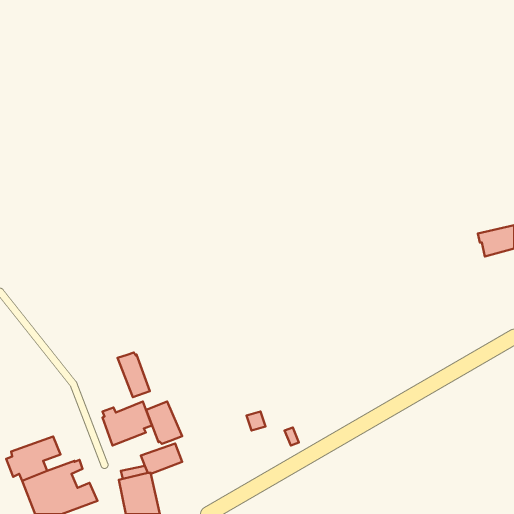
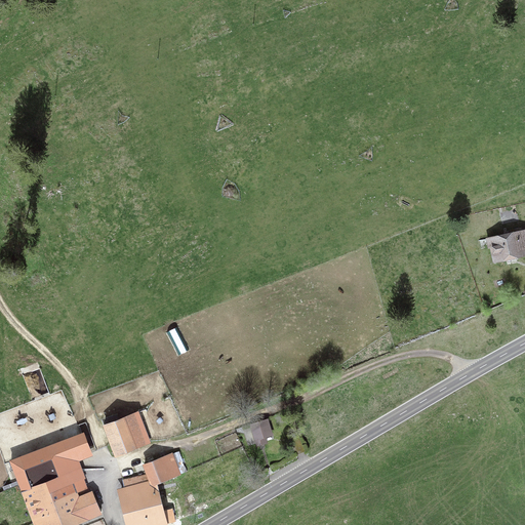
building: [118,353,150,397] -> none
building: [146,402,182,444] -> none
building: none -> [54,435,89,463]

